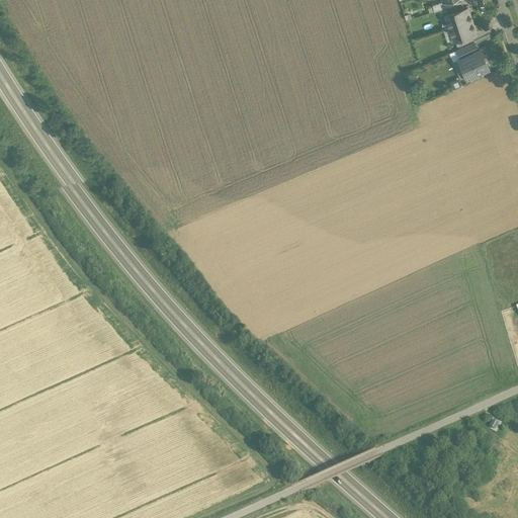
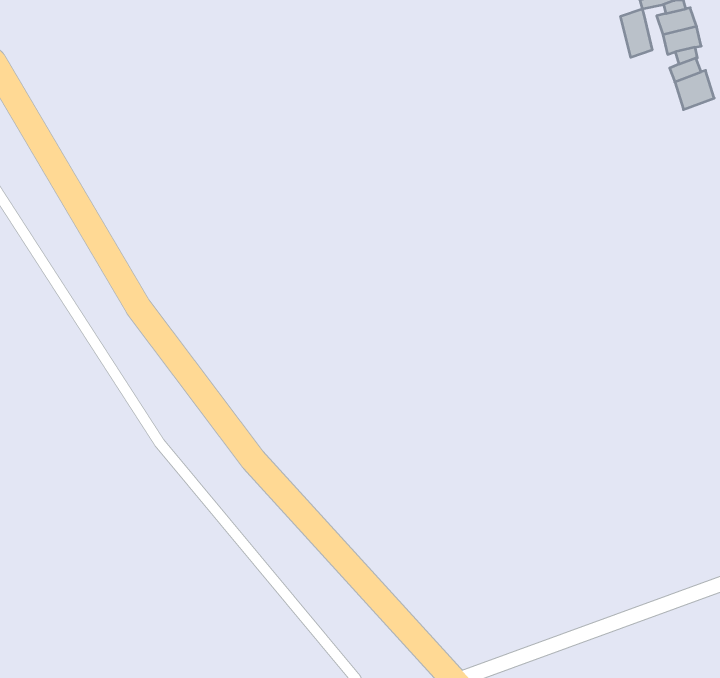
building: none -> [621,9,652,57]

